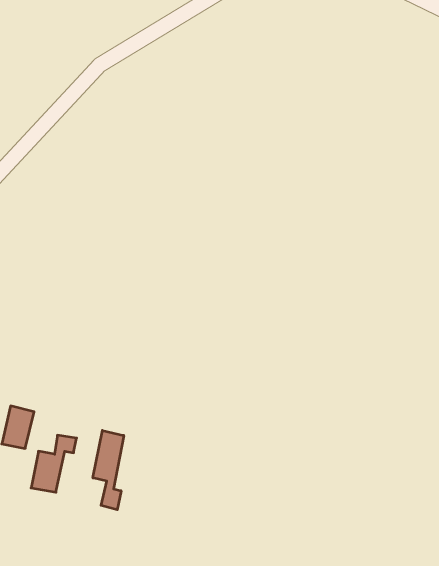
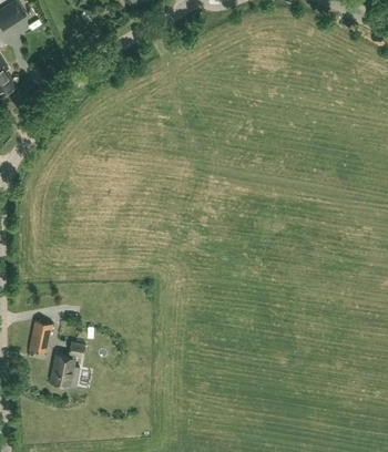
building: [93,430,124,510] -> none

